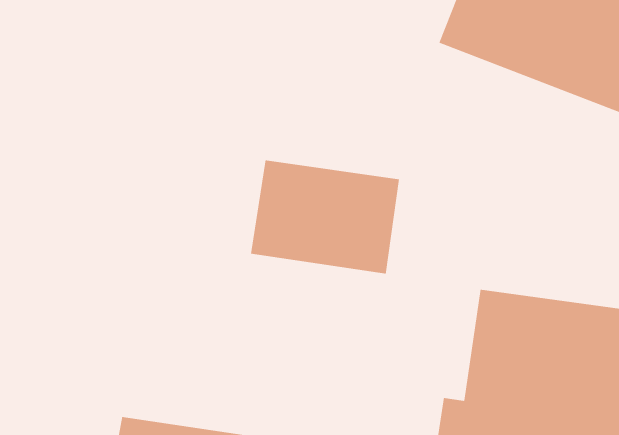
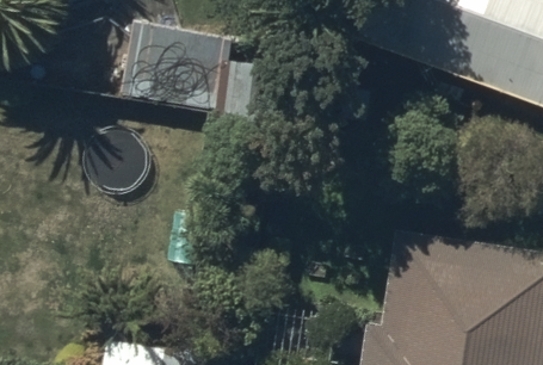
building: [250,160,400,274] -> [124,19,246,112]

